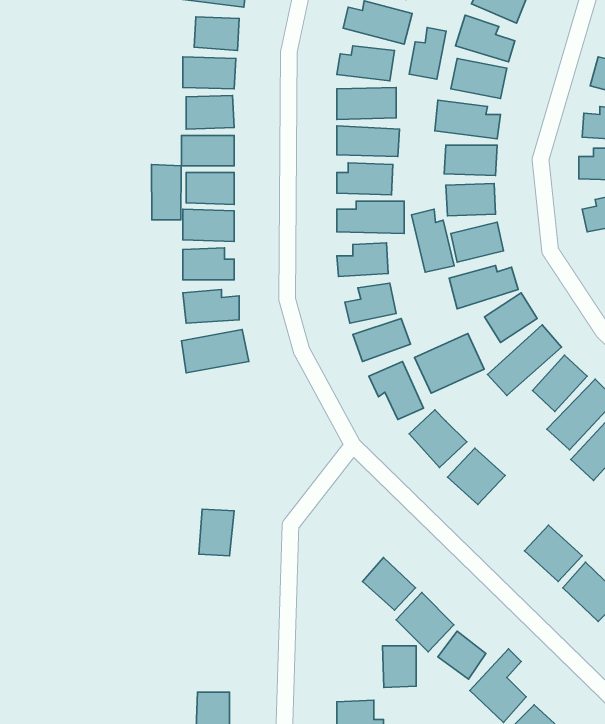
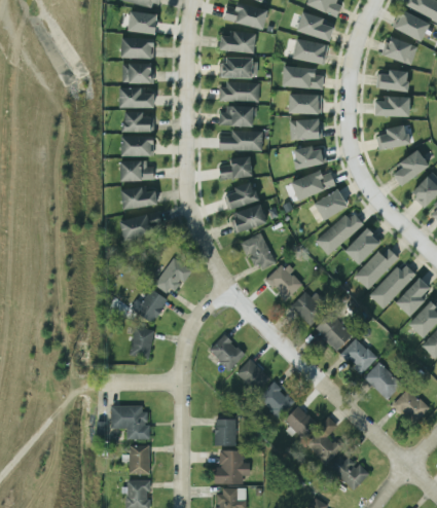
building: [409,27,446,79] -> none
building: [151,165,181,220] -> none
building: [411,209,454,272] -> none
building: [415,334,484,393] -> none
building: none -> [155,257,191,296]
building: none -> [130,289,168,323]
building: none -> [314,313,353,351]
building: none -> [209,334,245,371]
building: none -> [110,405,150,439]
building: [382,646,416,688] -> [214,420,235,446]

